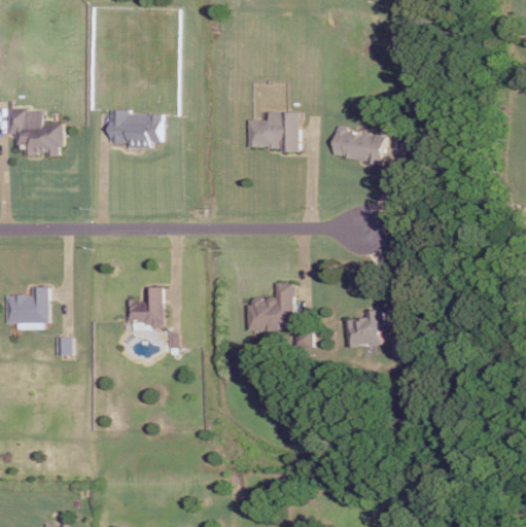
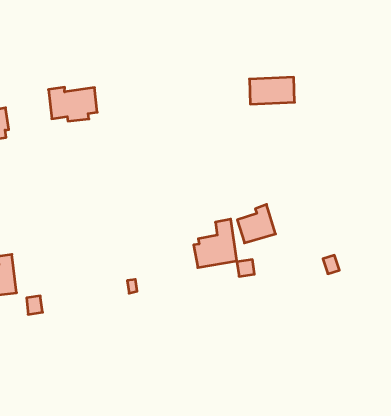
building: [248,112,299,149] -> none
building: [126,287,163,325] -> none
building: [343,309,383,348] -> [237,204,276,243]

